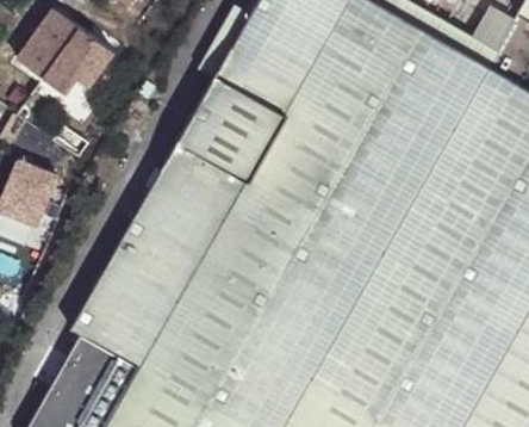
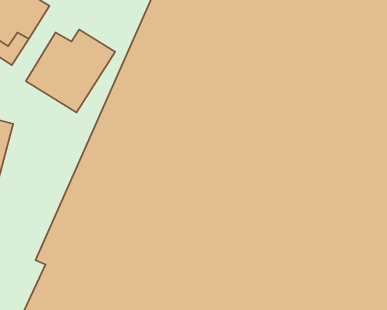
building: none -> [26,30,115,113]

